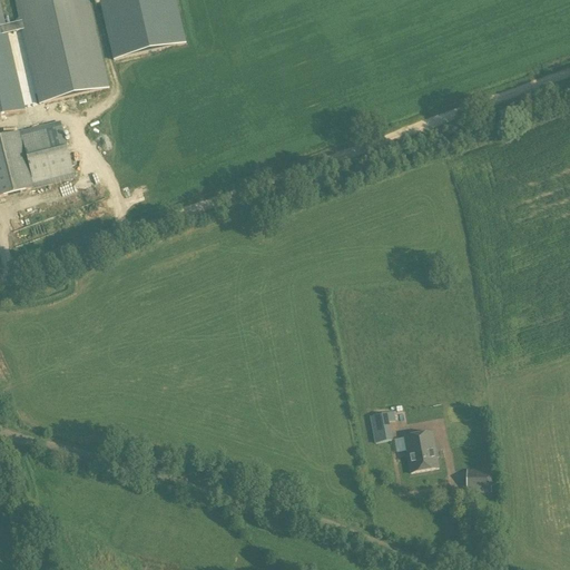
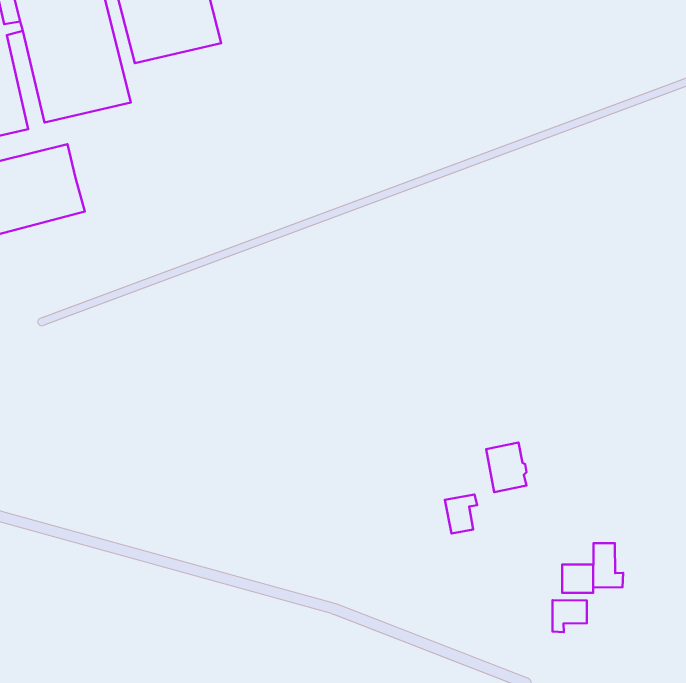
building: [404,431,438,472] -> [486,442,527,492]
building: none -> [593,543,623,588]
building: none -> [552,600,587,632]

